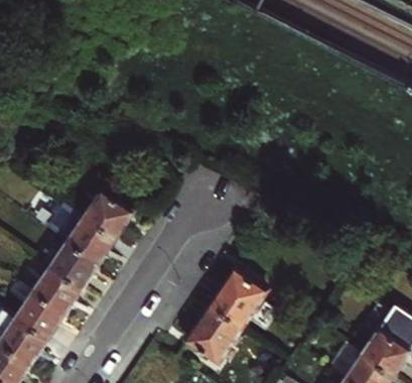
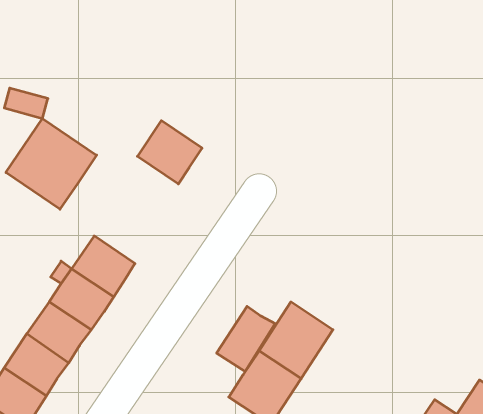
building: none -> [6,118,97,209]
building: [85,188,134,237] -> [137,121,202,184]
building: none -> [217,306,275,372]

